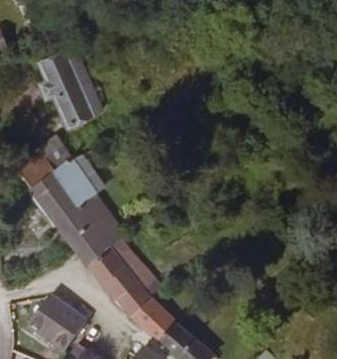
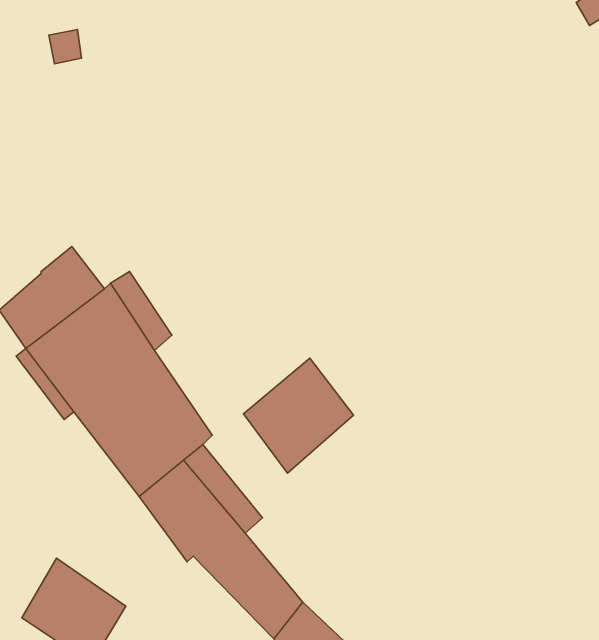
building: [43,47,105,128] -> none
building: none -> [243,358,354,473]

